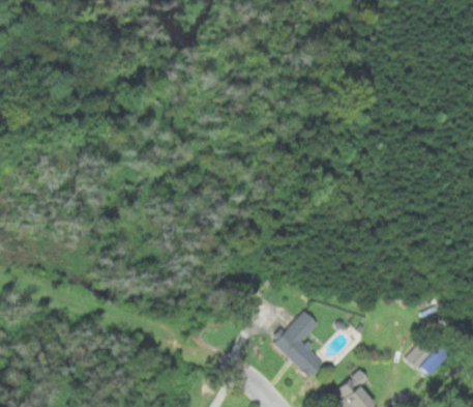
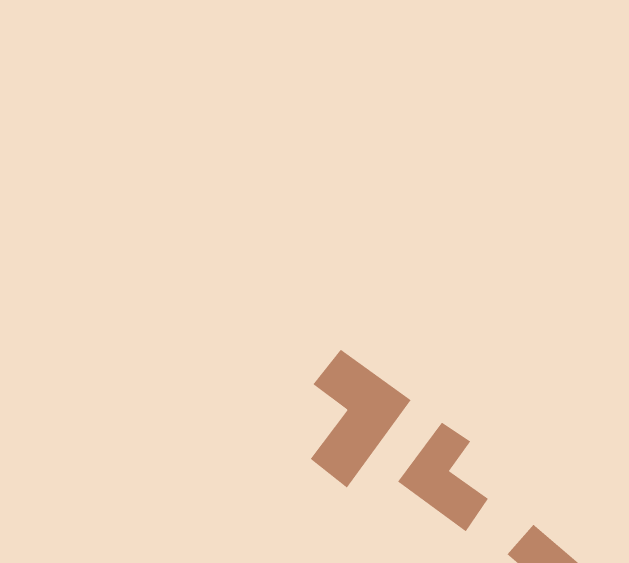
building: none -> [310,349,412,488]

